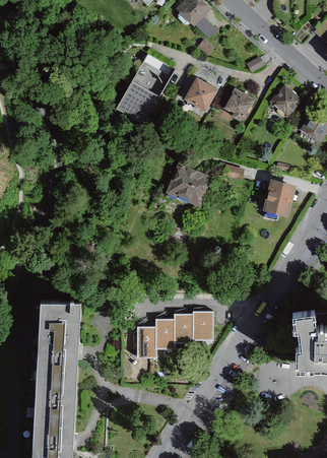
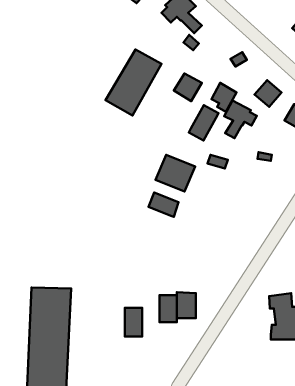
building: none -> [224,101,257,138]
building: none -> [189,105,218,141]
building: [262,182,291,219] -> none
building: none -> [148,193,178,217]
building: [154,320,173,349] -> none

